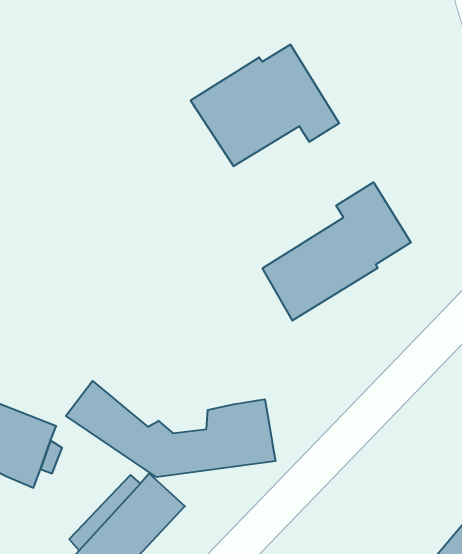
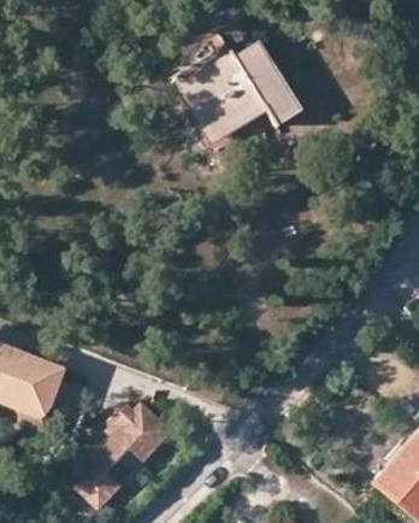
building: [263,182,411,321] -> none
building: [66,381,276,477] -> none

